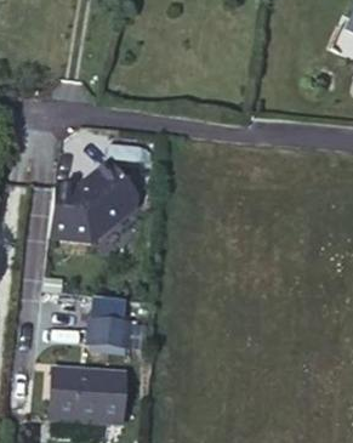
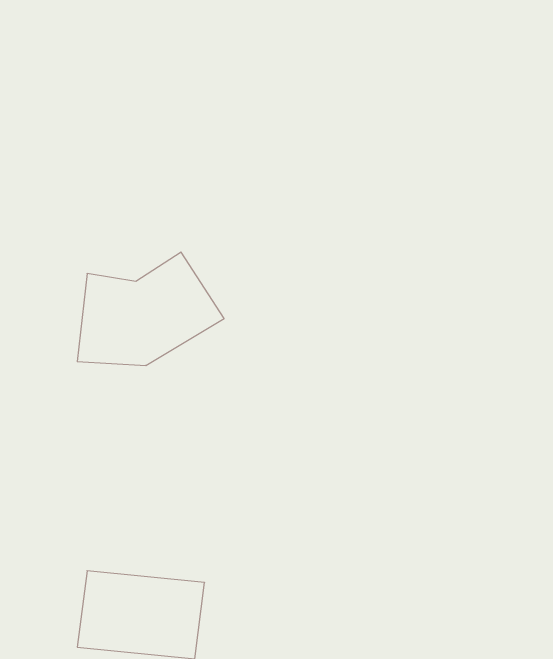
building: [87,319,131,354] -> none

